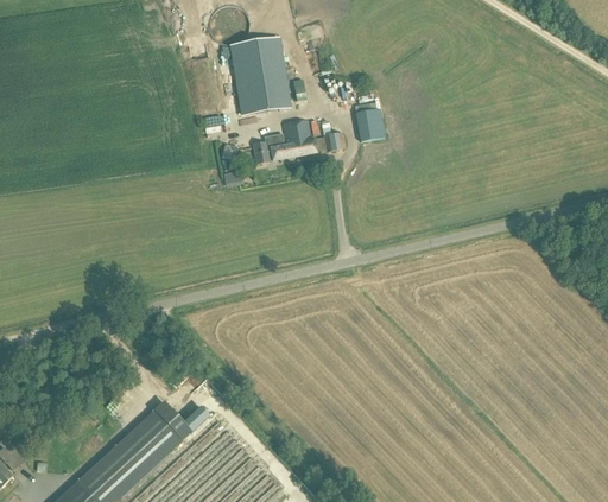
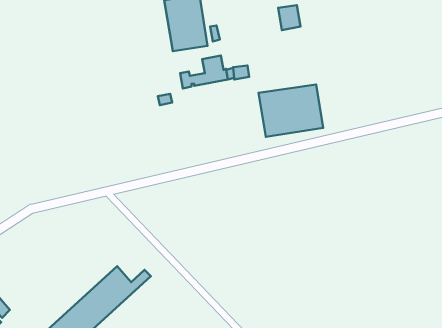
building: [354,107,384,140] -> [278,5,300,30]
building: none -> [259,85,323,137]

